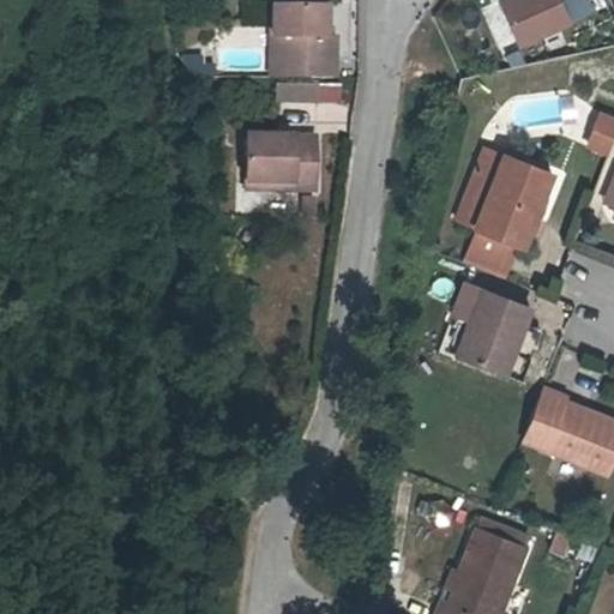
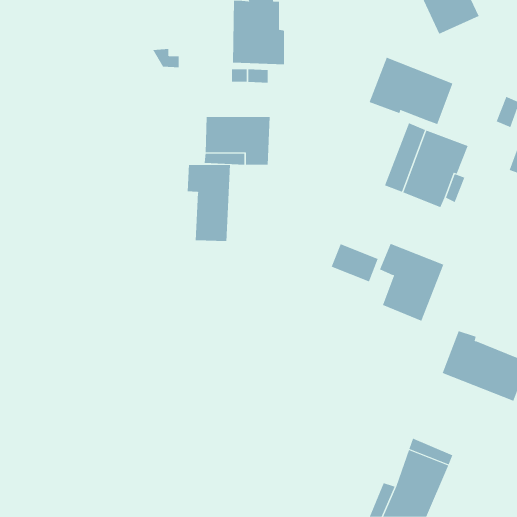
building: none -> [369,57,453,125]
building: none -> [187,164,230,242]
building: [466,228,523,273] -> [331,244,379,282]

